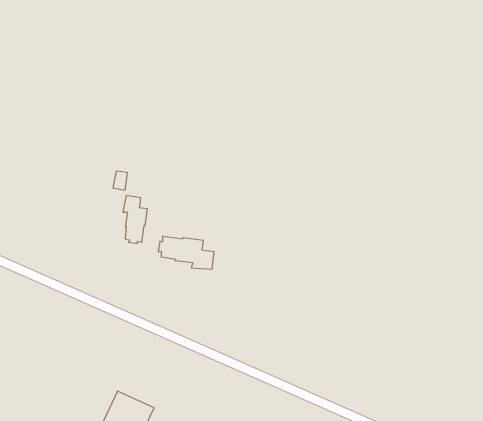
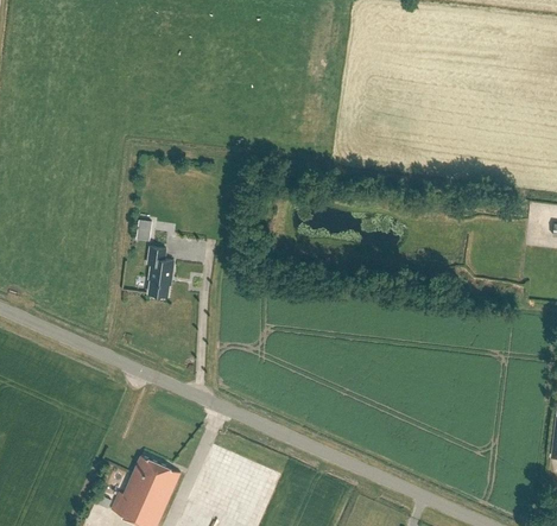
building: [159,236,214,269] -> none

